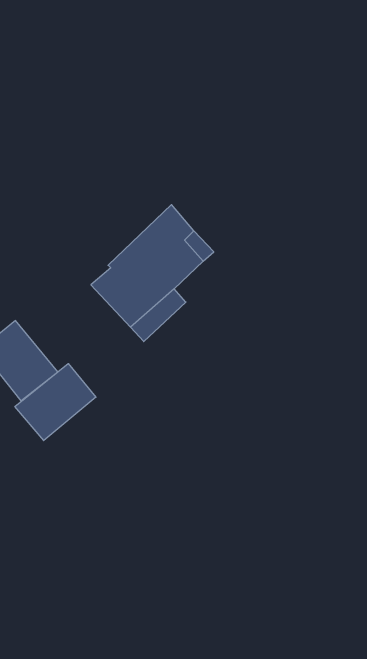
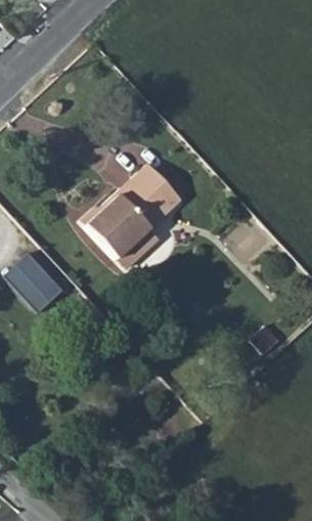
building: [15,364,96,441] -> none

